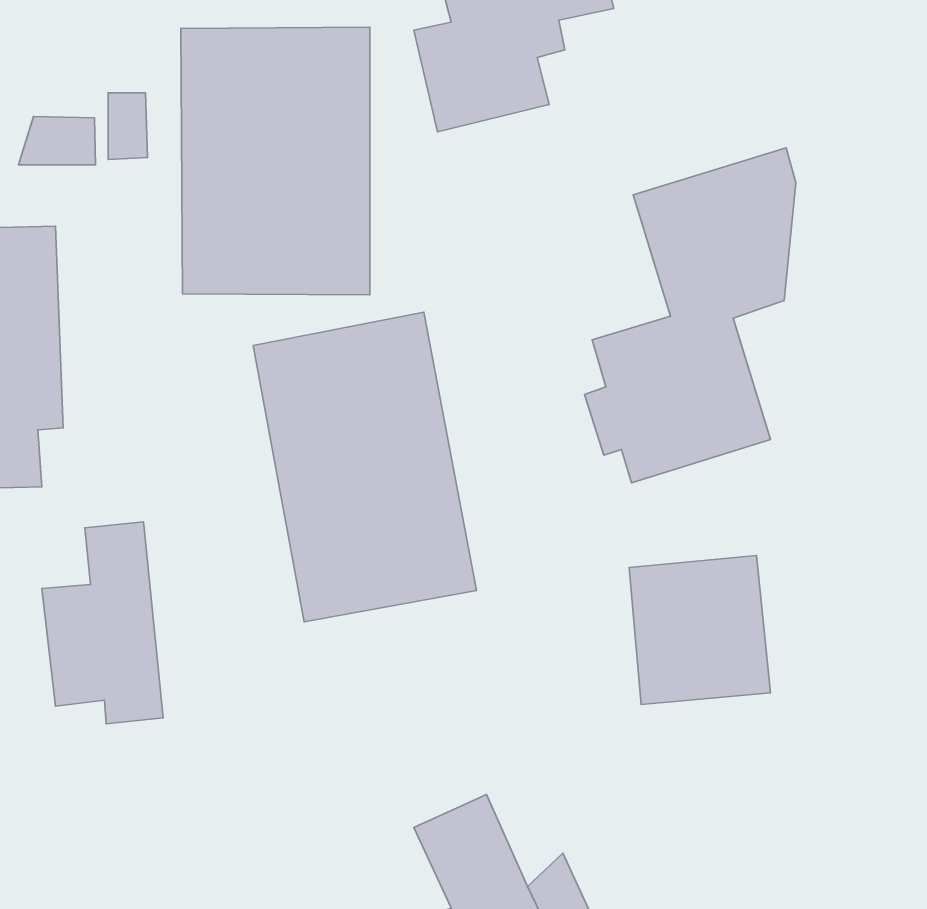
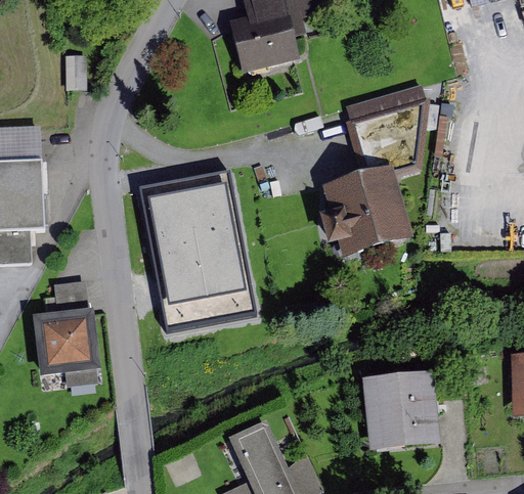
building: [181,27,370,295] -> none
building: [18,117,96,165] -> none
building: [629,556,770,705] -> [363,372,437,450]

